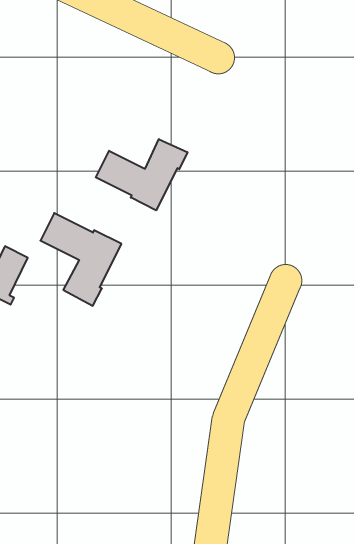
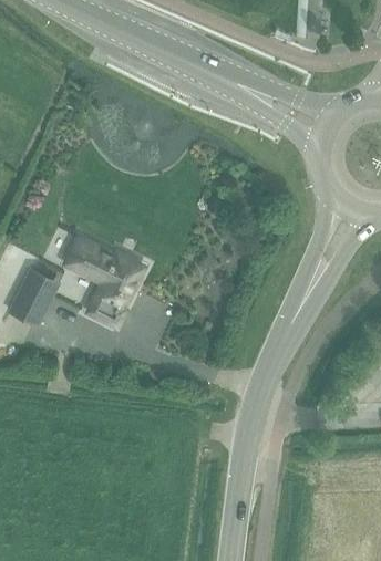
building: [96,139,187,210] -> none

